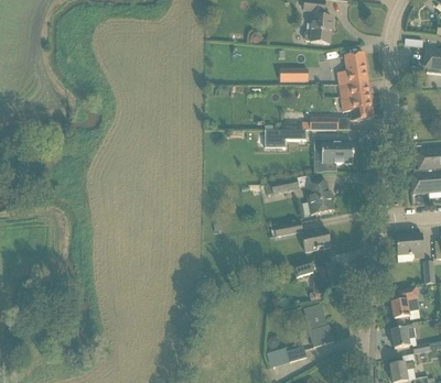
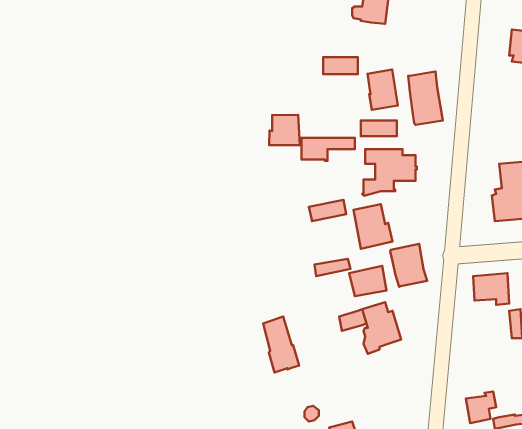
building: [344,52,367,83] -> [368,70,398,110]
building: none -> [269,115,300,145]
building: none -> [390,244,427,287]
building: [390,286,418,318] -> none
building: [304,304,332,347] -> [263,316,299,373]

